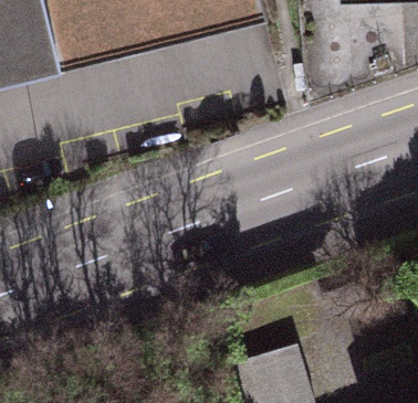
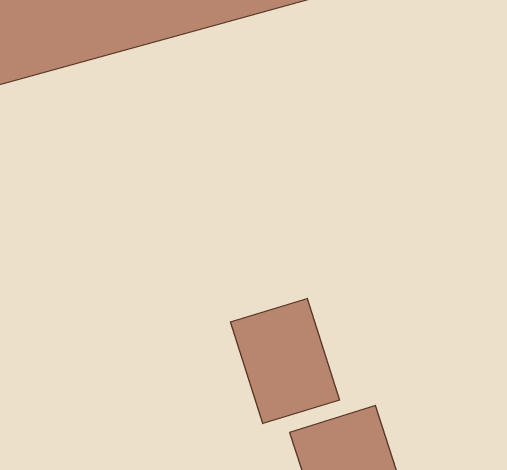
building: none -> [231,298,339,424]

